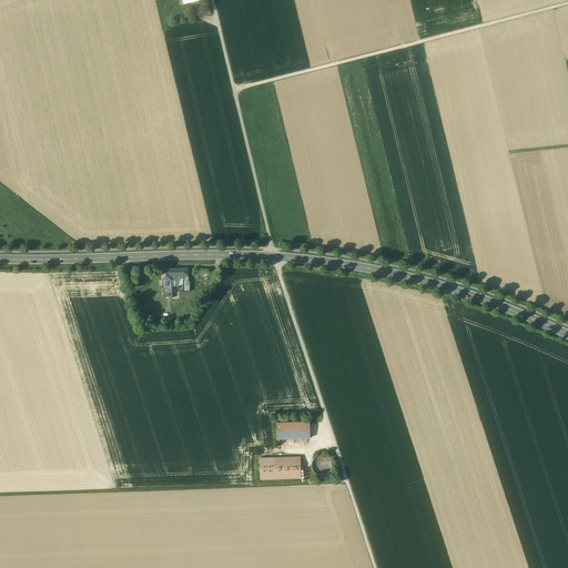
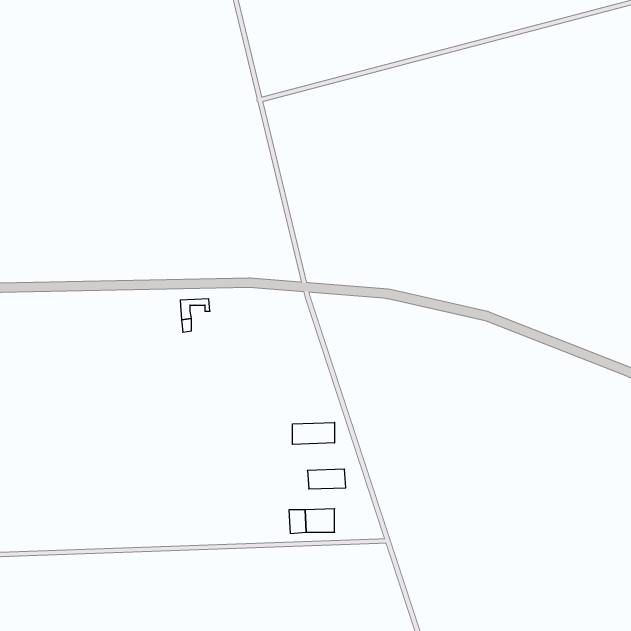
building: none -> [293,422,335,444]

